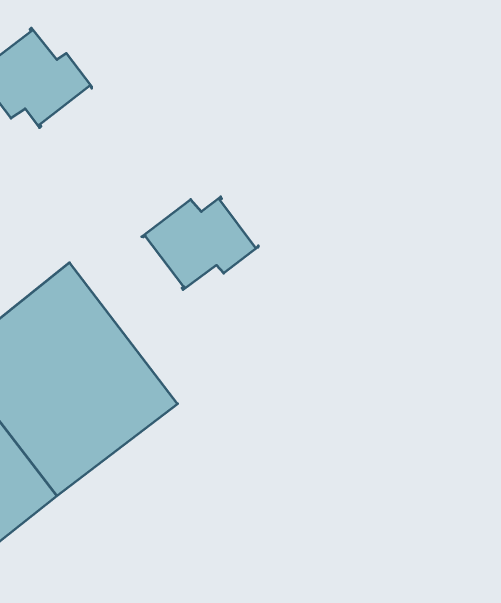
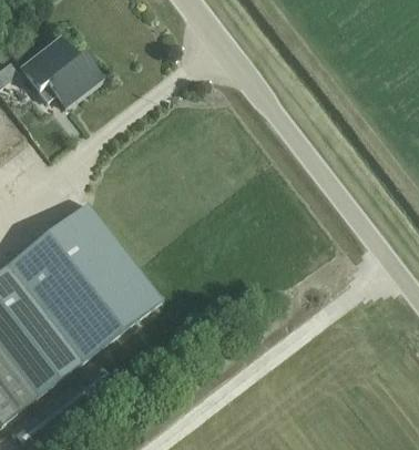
building: [142,197,258,290] -> none

